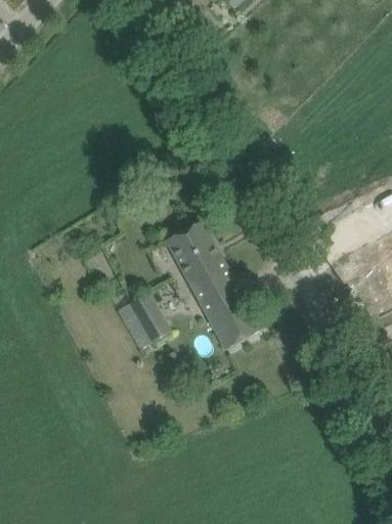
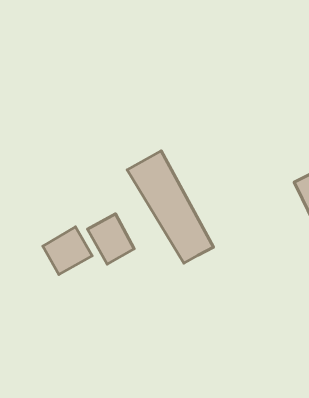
building: none -> [43,227,92,275]

